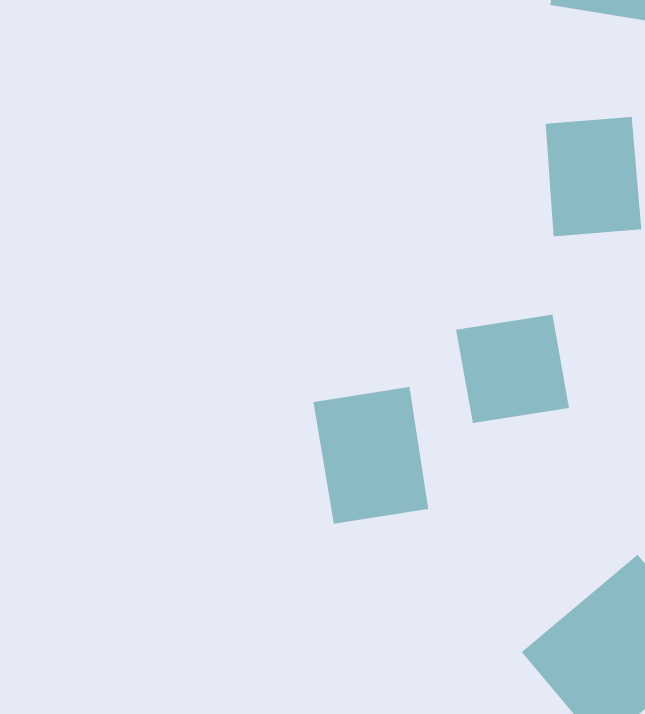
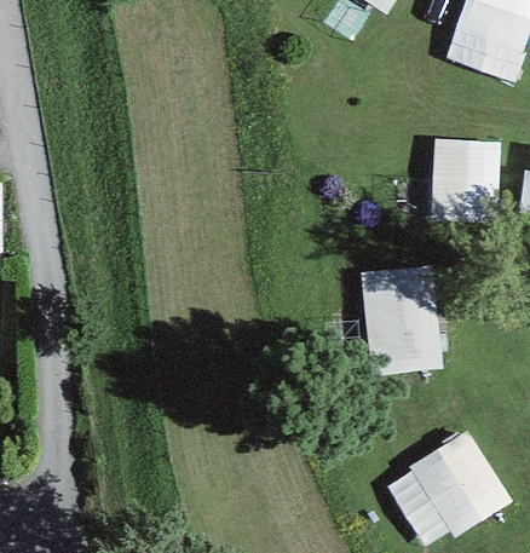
building: [313,386,429,524] -> none

